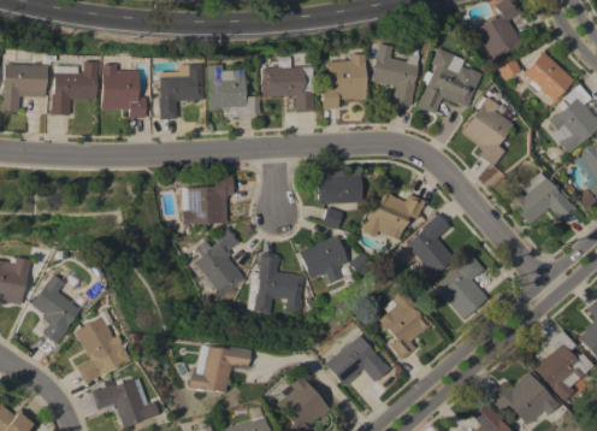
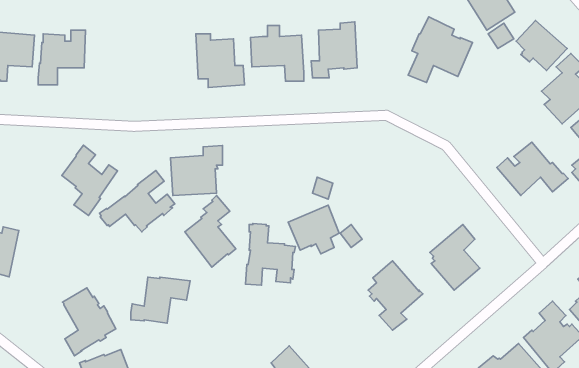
building: [371,43,419,106] -> none
building: [159,64,205,119] -> none
building: [101,65,147,118] -> none
building: [461,96,513,166] -> none
building: [317,170,362,203] -> none
building: [362,189,426,240] -> none
building: none -> [100,171,175,232]
building: [407,213,456,276] -> none
building: [31,273,87,343] -> [62,145,117,216]
building: [325,335,389,385] -> none
building: [191,346,250,391] -> [131,277,190,323]

